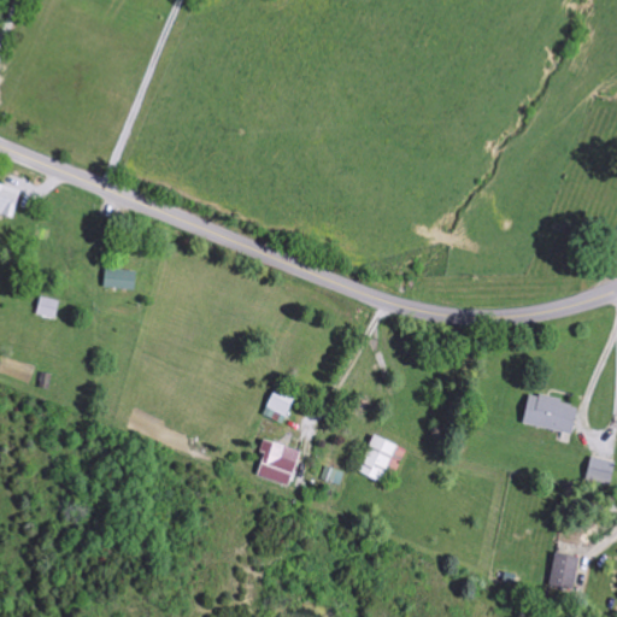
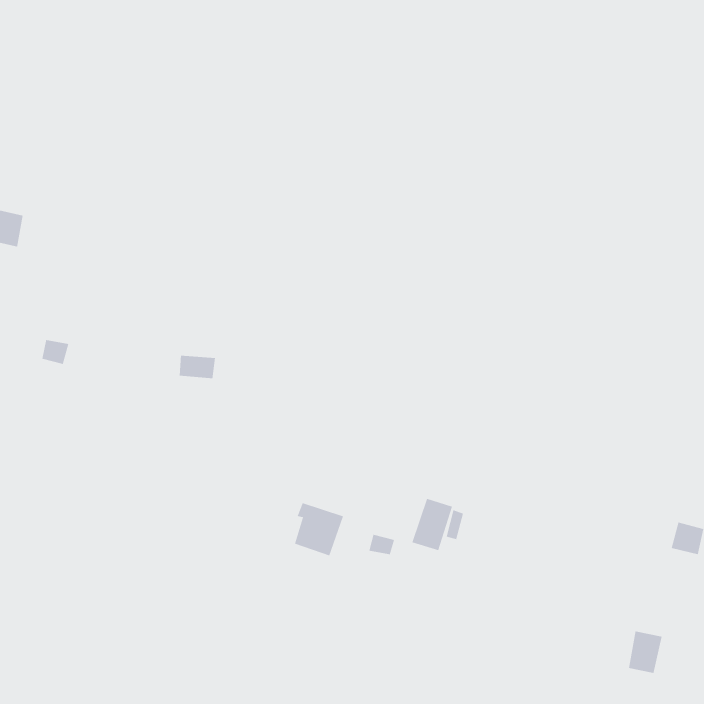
building: [104,269,136,289] -> [179,355,216,379]
building: [264,390,293,423] -> none
building: [523,394,577,433] -> none

